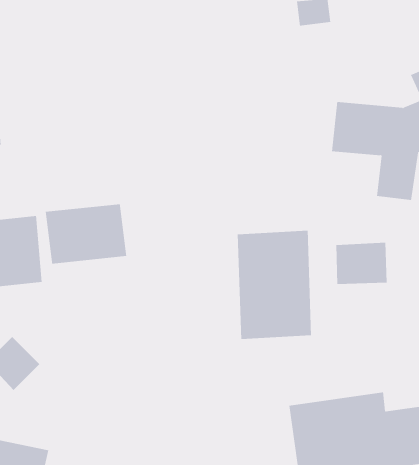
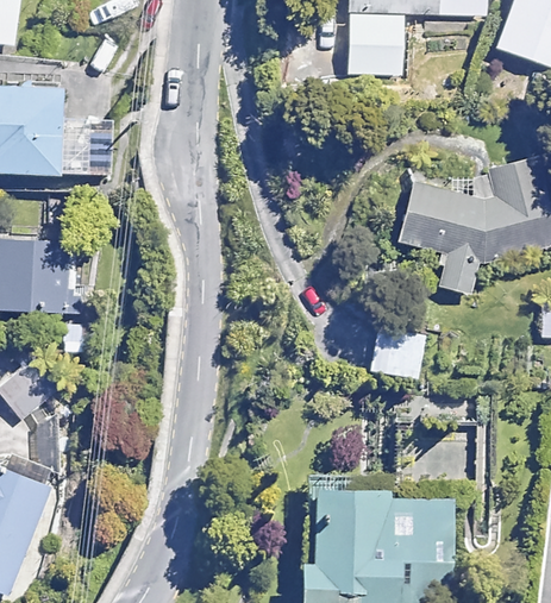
building: [45,203,127,264] -> none
building: [237,230,312,340] -> none

